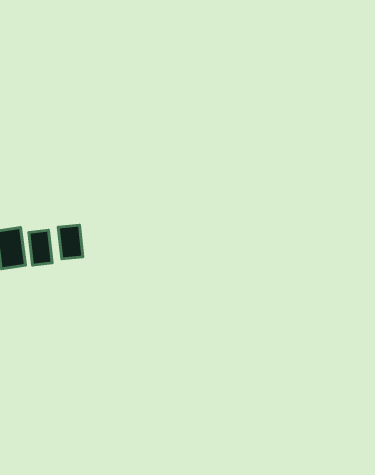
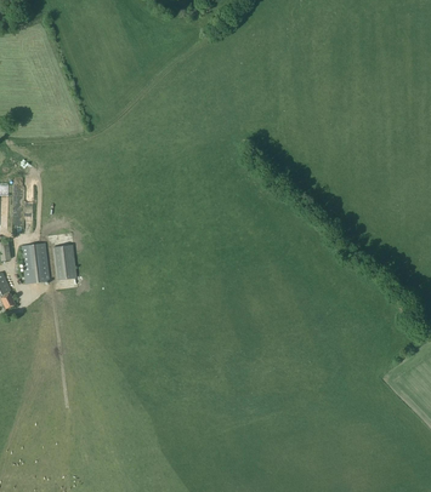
building: [58,225,83,259] -> none

